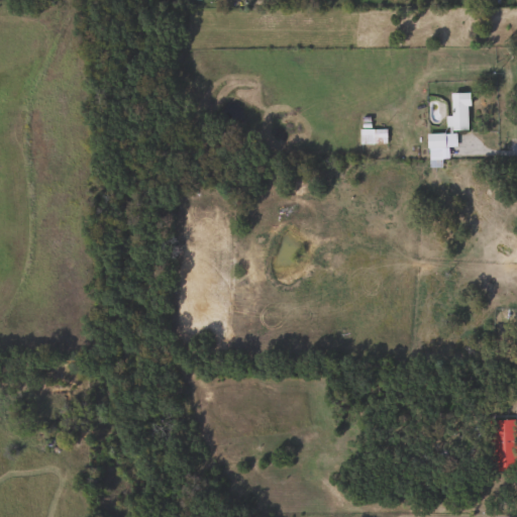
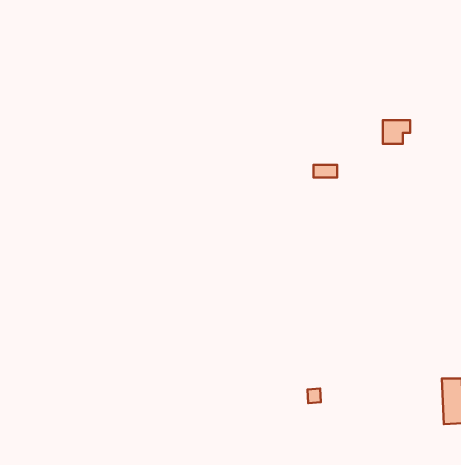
building: [449,93,472,130] -> none
building: [363,129,389,143] -> [314,165,337,178]

